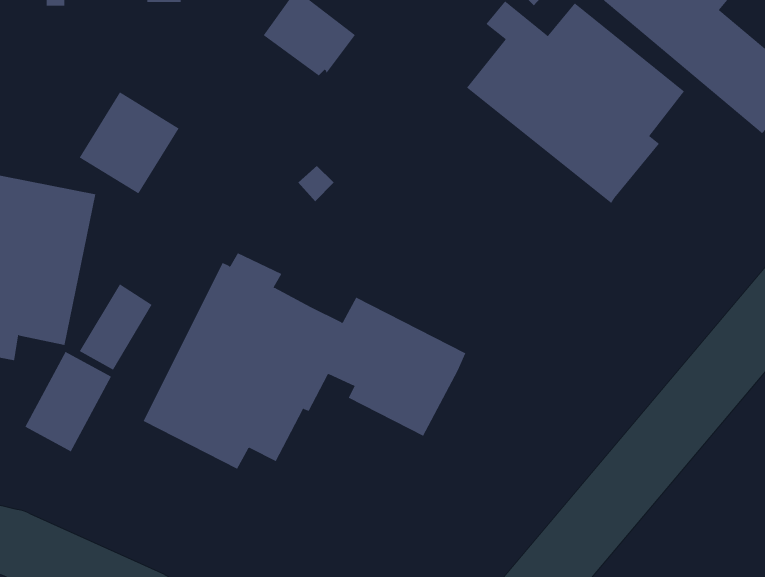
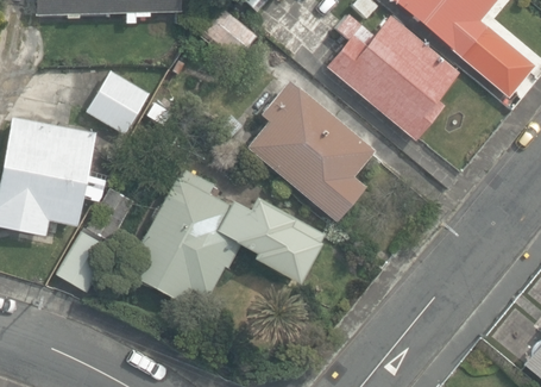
building: none -> [246,80,372,221]

